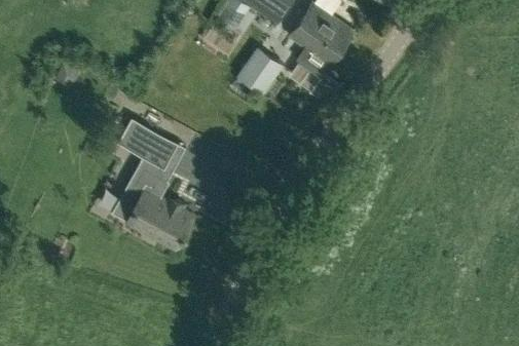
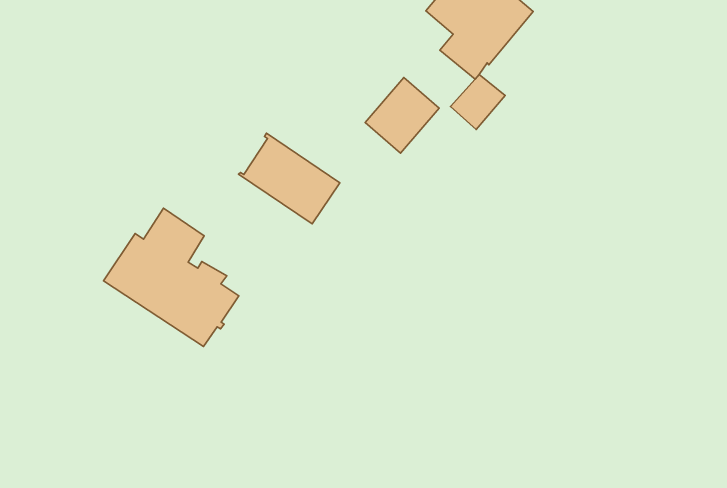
building: [237,48,281,93] -> [365,77,439,153]
building: [117,118,178,169] -> [239,133,340,224]

